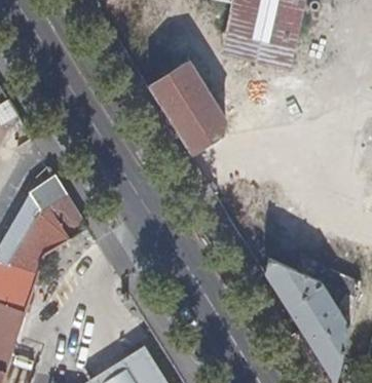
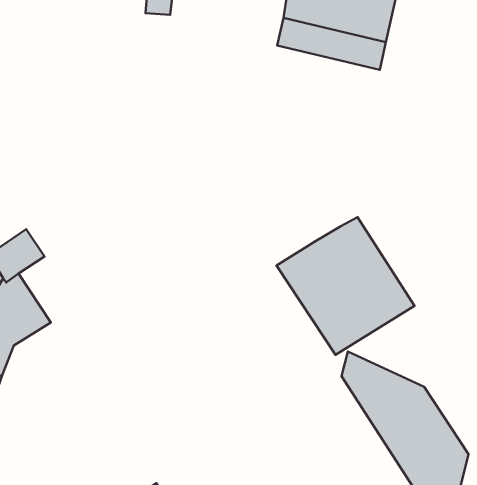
building: [149,62,226,154] -> none
building: none -> [277,217,415,355]
building: [48,194,87,238] -> none

